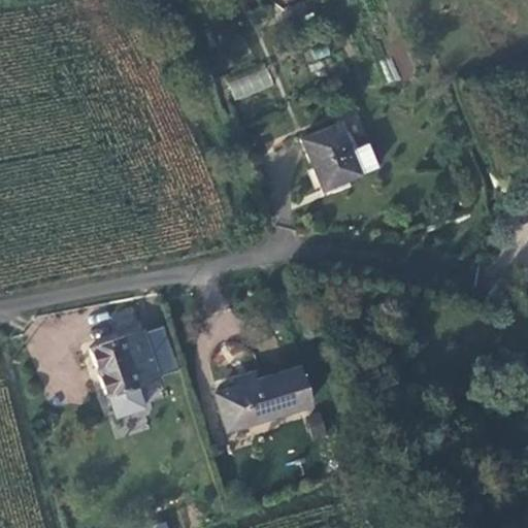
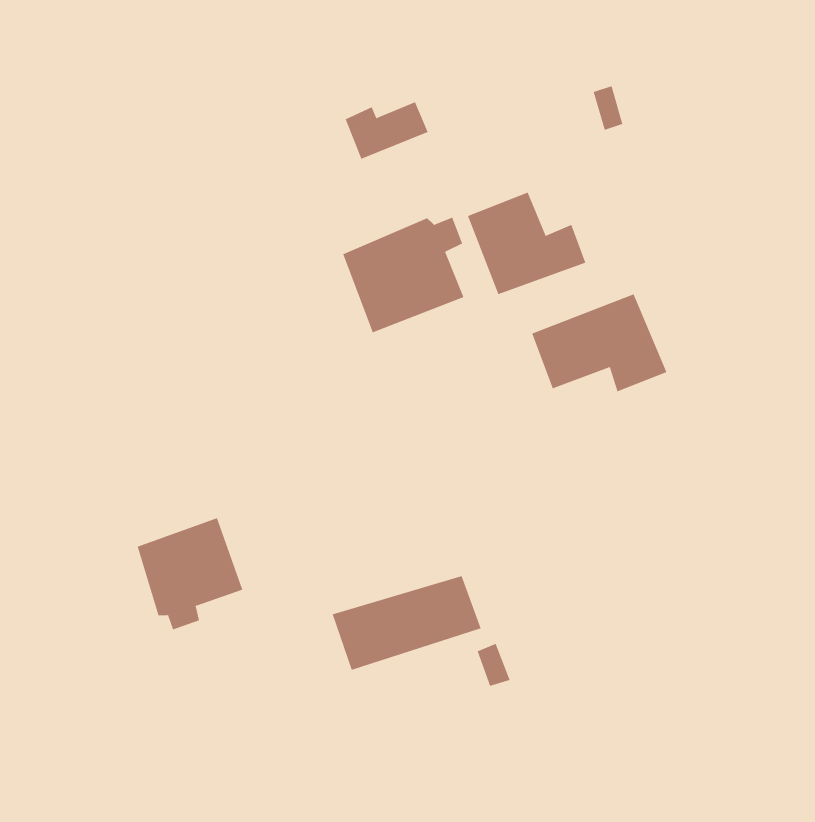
building: none -> [342,217,464,333]
building: none -> [531,294,667,392]

